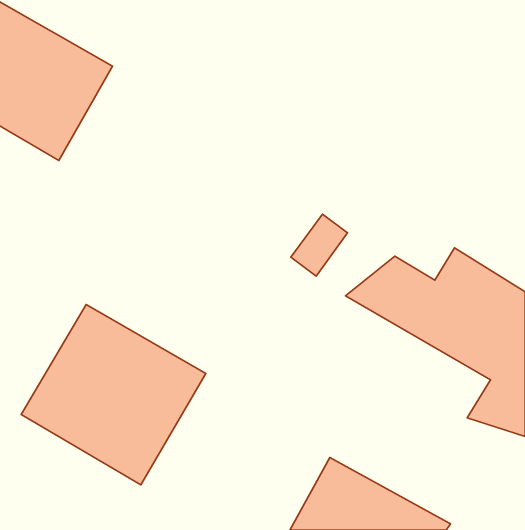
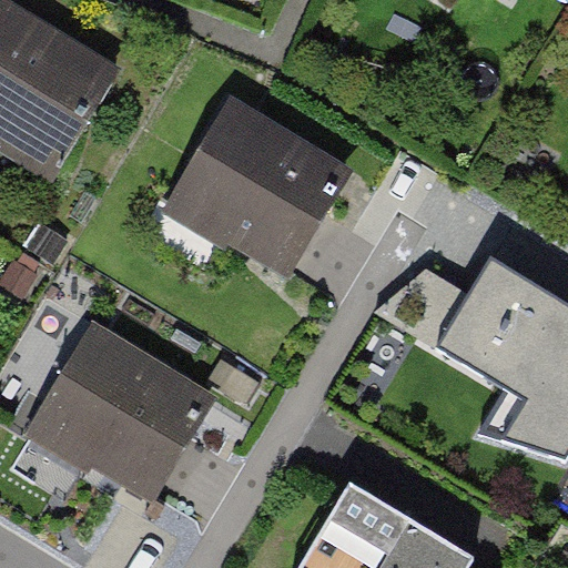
building: none -> [170,93,359,274]

